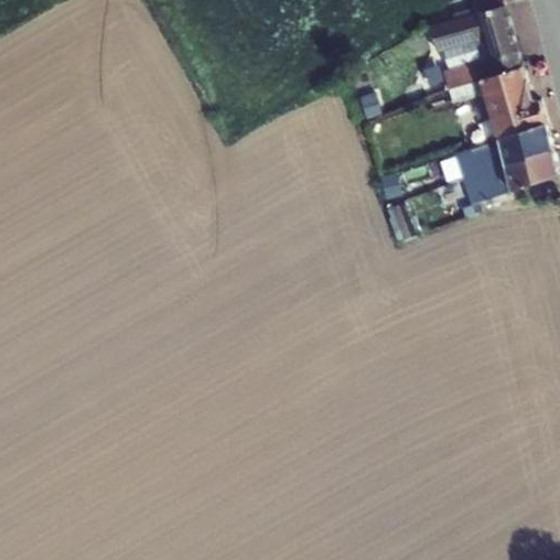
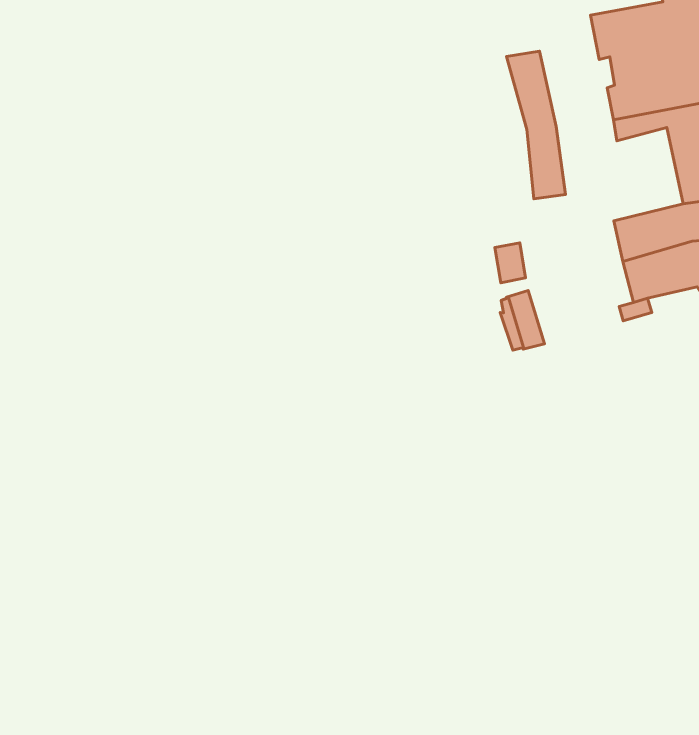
building: none -> [507,51,565,199]

